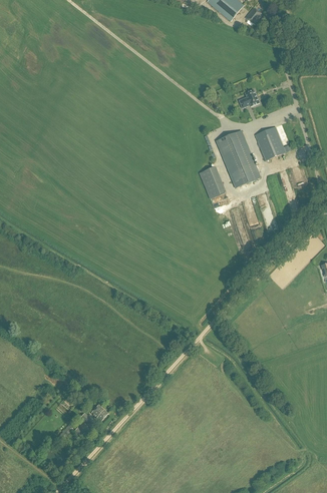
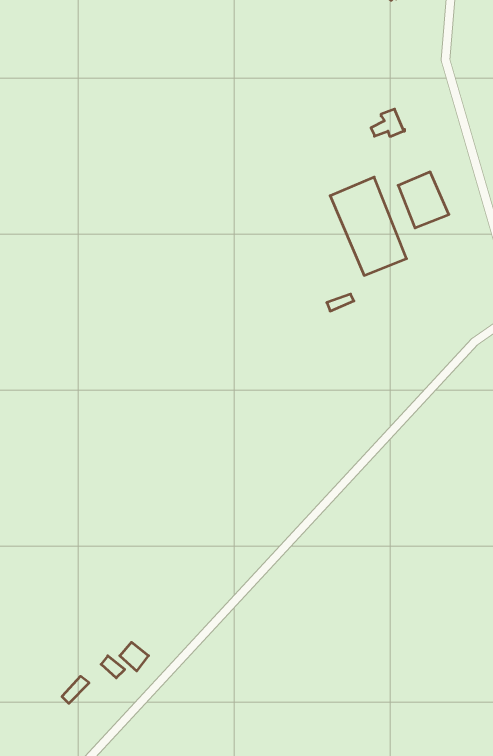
building: [199,165,226,198] -> none

